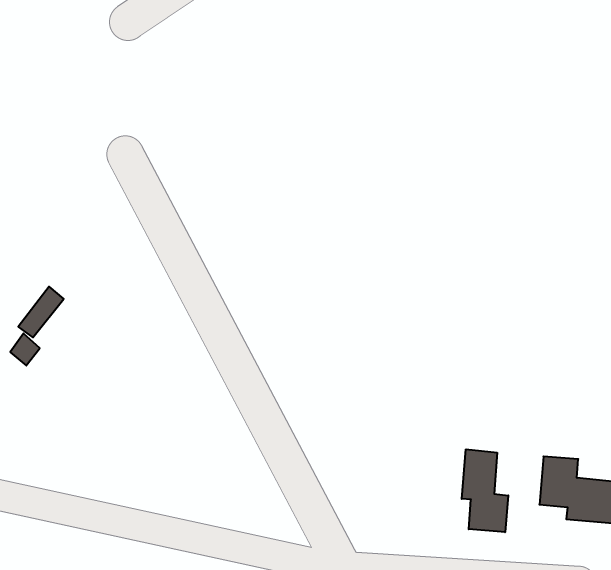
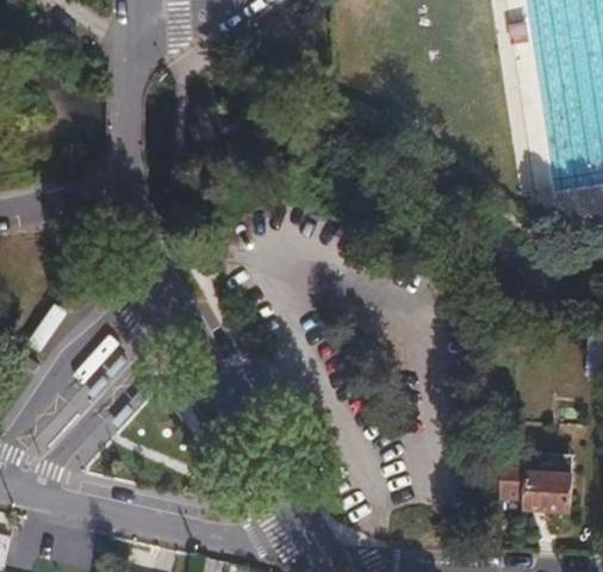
building: [462,449,508,532] -> none

